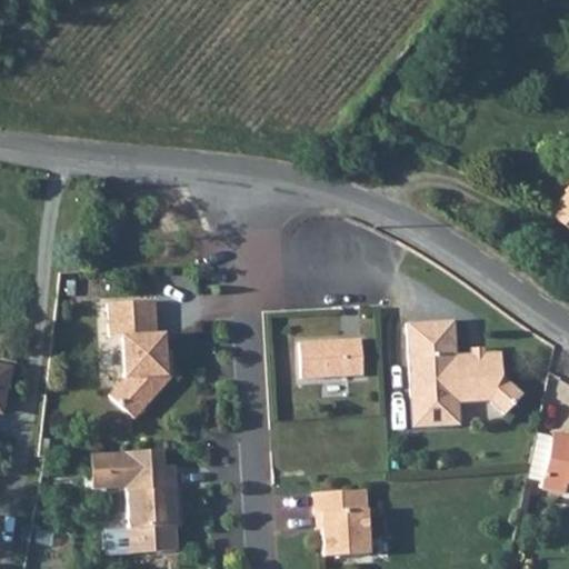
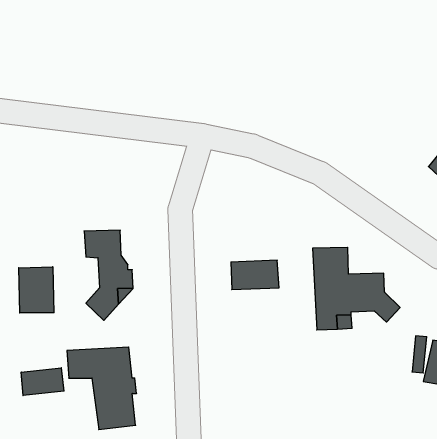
building: none -> [19,267,54,313]
building: none -> [21,368,64,396]
building: [316,491,369,556] -> none

